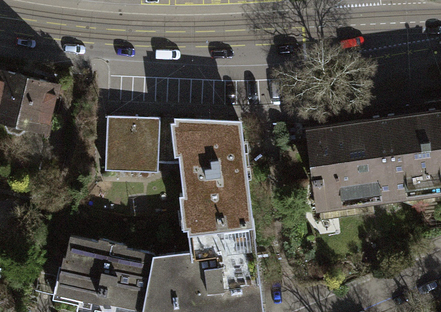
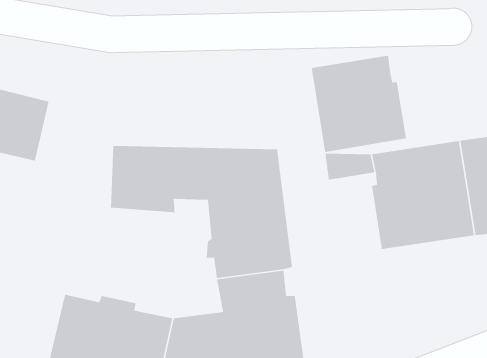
building: none -> [311,55,407,153]

